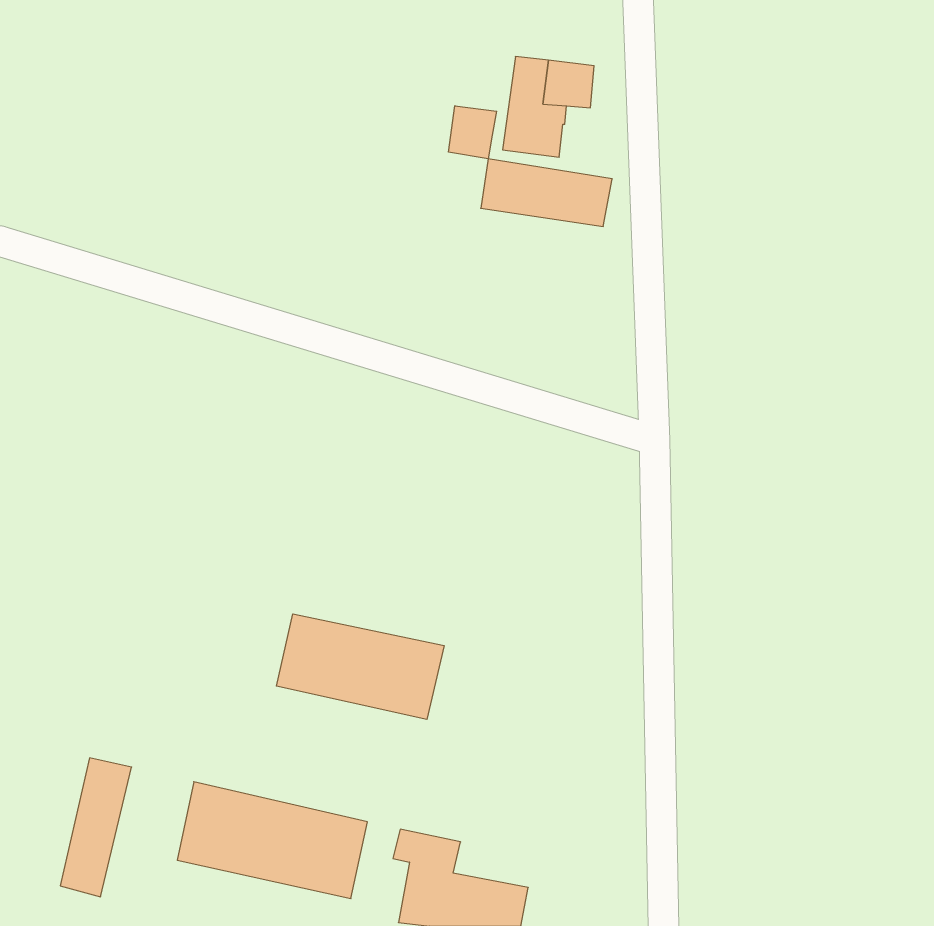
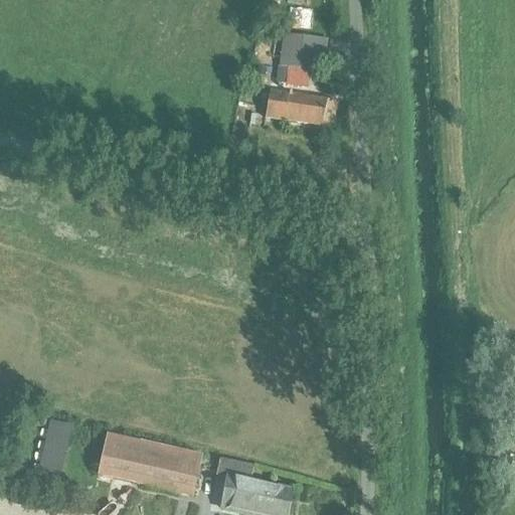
building: [449,106,497,159] -> none
building: [276,614,444,719] -> none

